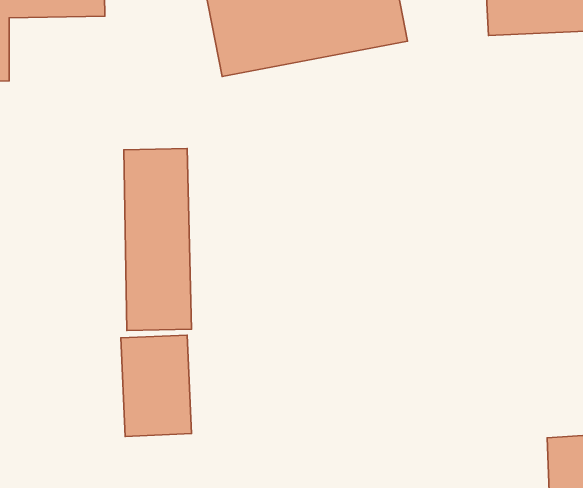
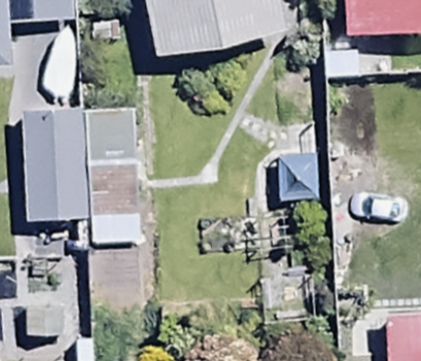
building: none -> [24,111,85,221]

